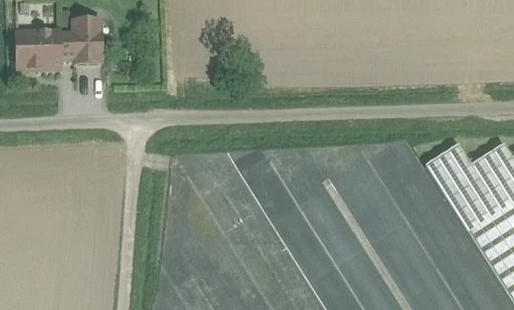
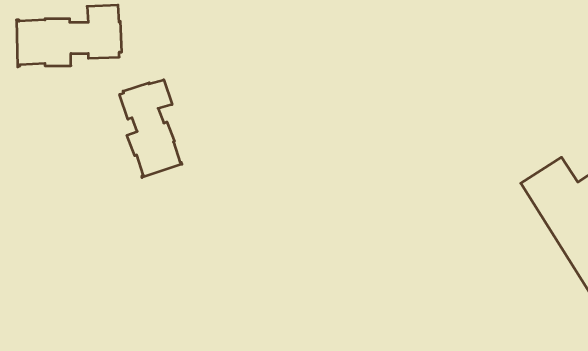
building: none -> [120,80,182,178]

